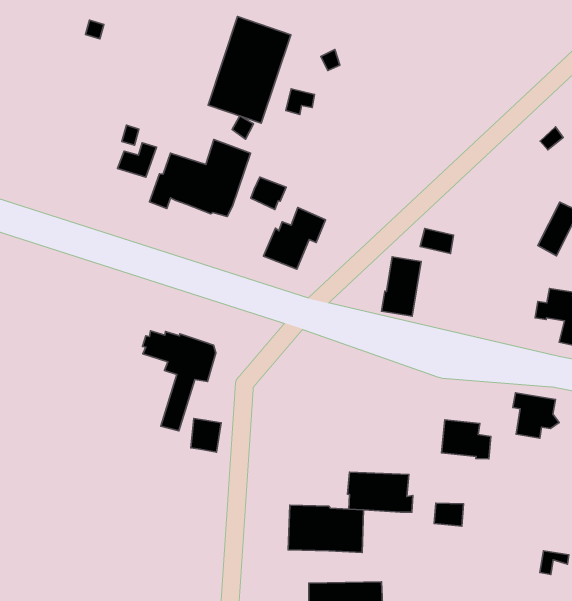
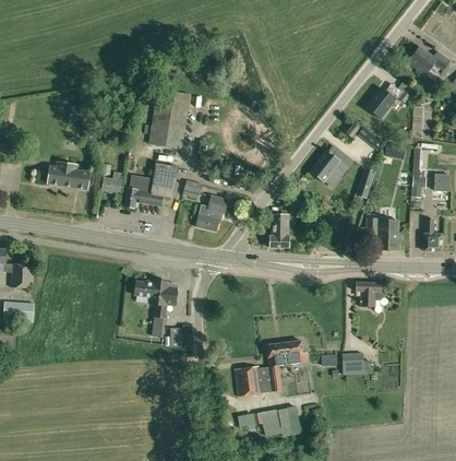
building: none -> [47,162,89,189]
building: none -> [309,152,339,185]
building: [441,420,491,459] -> [341,353,371,374]

